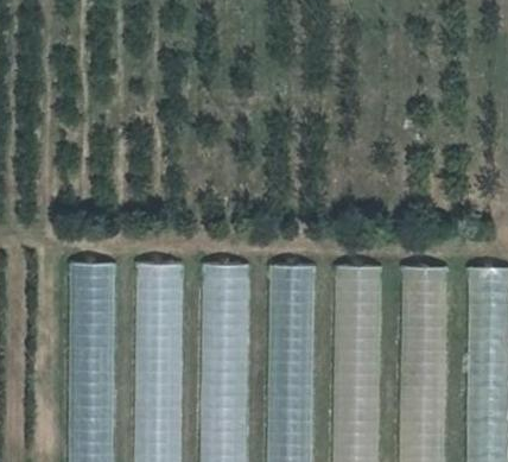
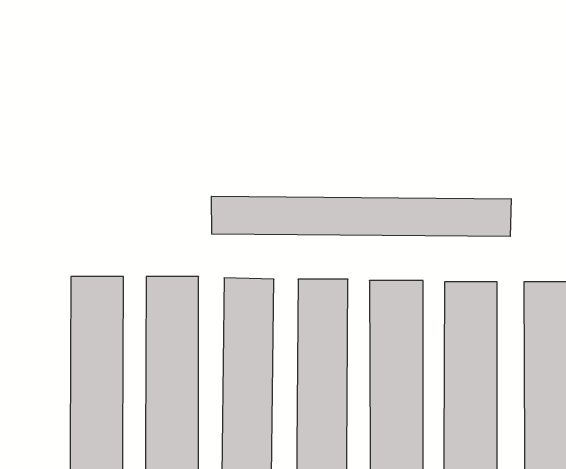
building: none -> [211,196,511,236]

